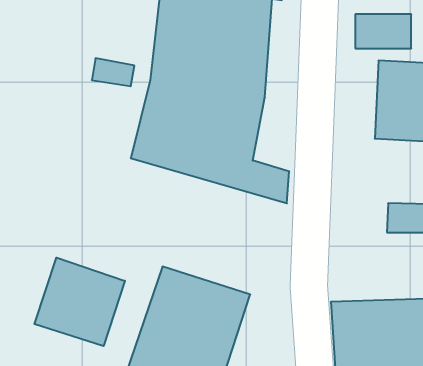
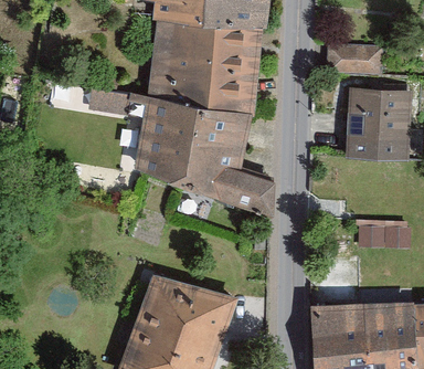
building: [34,258,125,346] -> none

